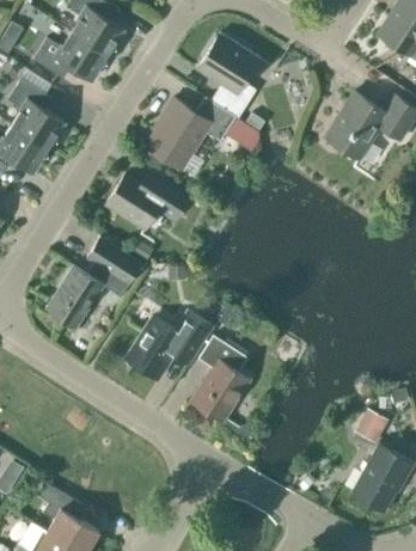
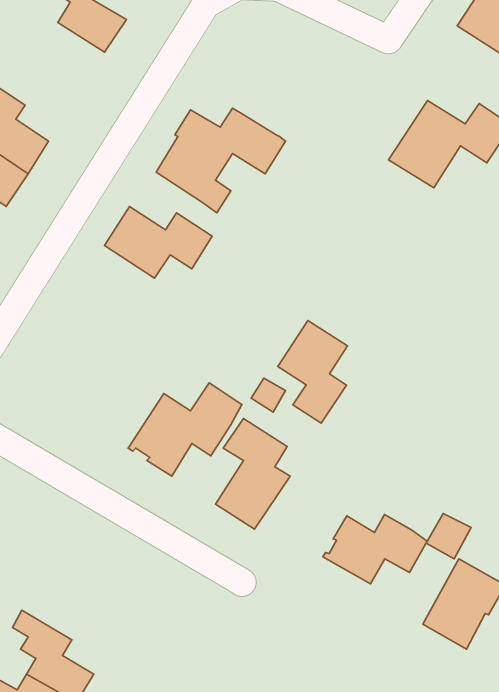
building: [32,32,106,80] -> none
building: [196,33,258,118] -> none
building: [47,235,142,327] -> none
building: none -> [278,321,347,423]
building: none -> [323,514,427,584]

